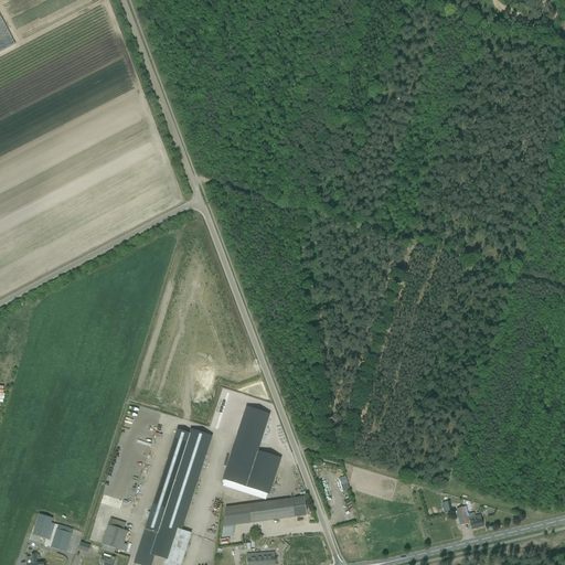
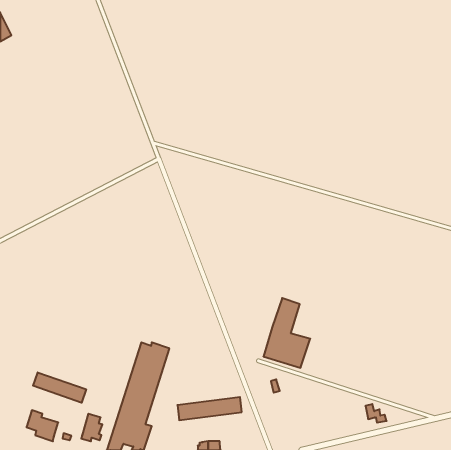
building: [223,406,281,493] -> [263,298,310,368]
building: none -> [33,372,86,403]

